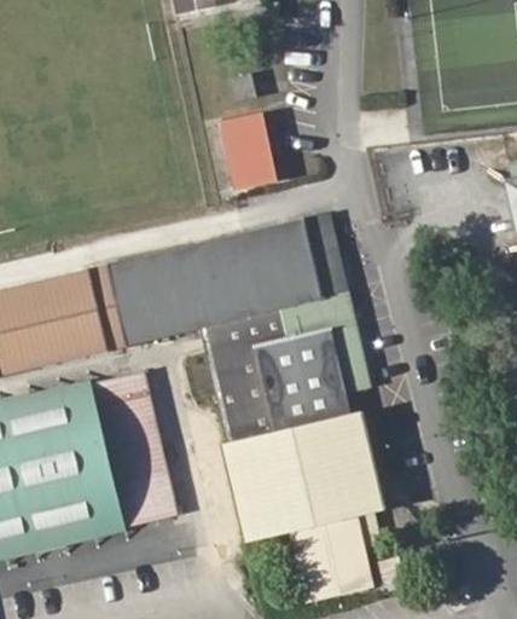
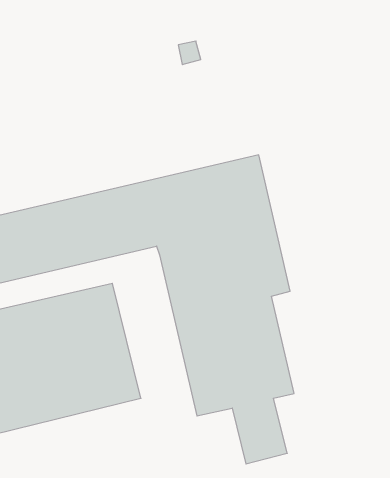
building: [221,108,279,186] -> none

